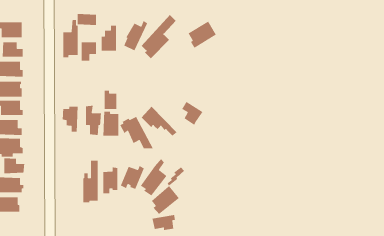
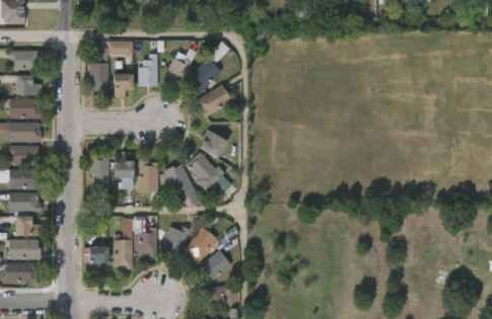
building: [188,21,217,49] -> [196,85,231,119]
building: [104,90,117,110] -> none
building: [181,101,204,126] -> [200,130,227,160]
building: none -> [91,246,112,271]

